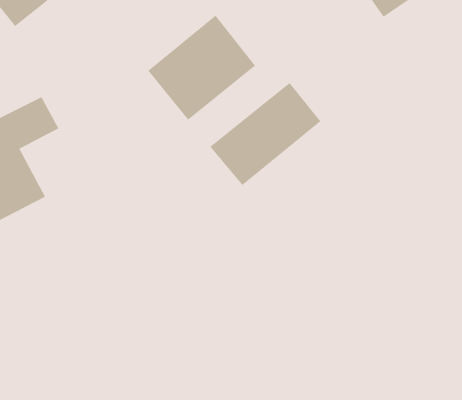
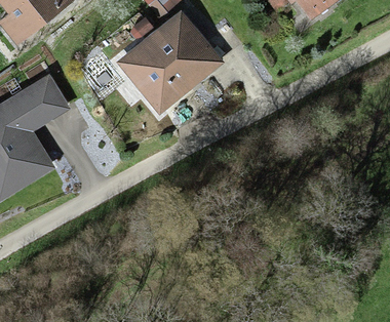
building: [209,82,321,186] -> none

